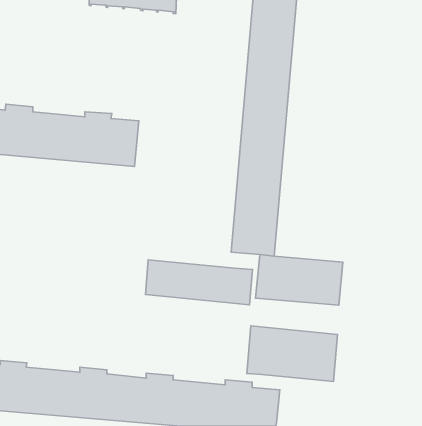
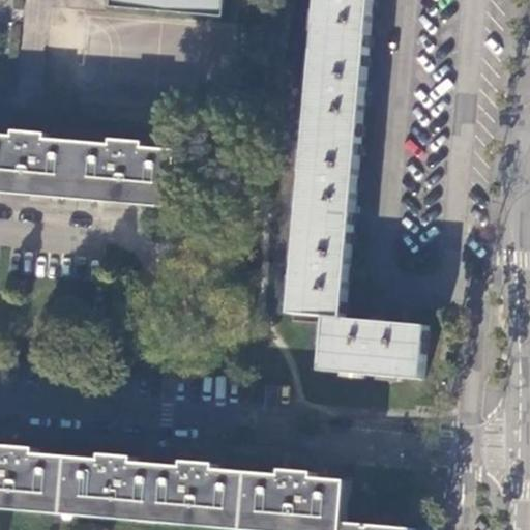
building: [145,260,252,305] -> none
building: [247,326,337,381] -> none

